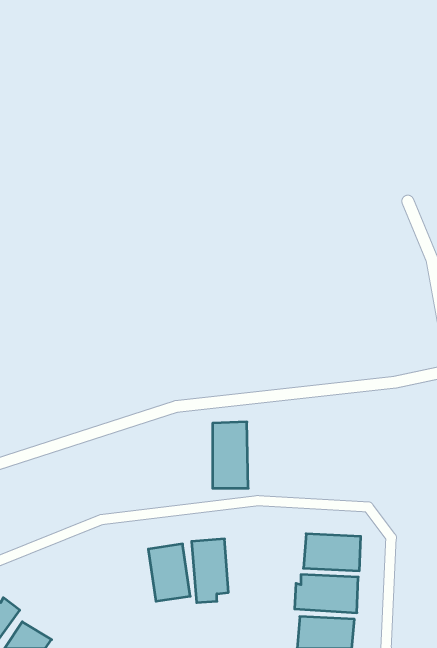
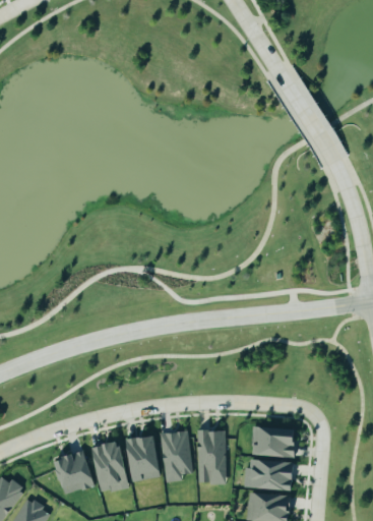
building: [213,422,248,488] -> [196,430,225,483]
building: none -> [92,443,127,493]
building: none -> [54,451,94,495]

